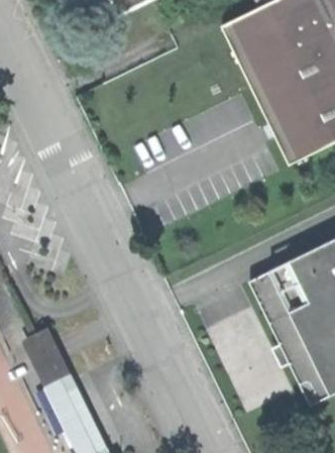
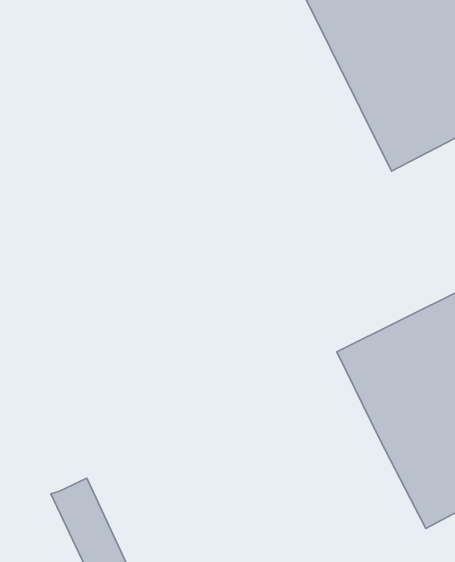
building: [28,324,70,380] -> none

